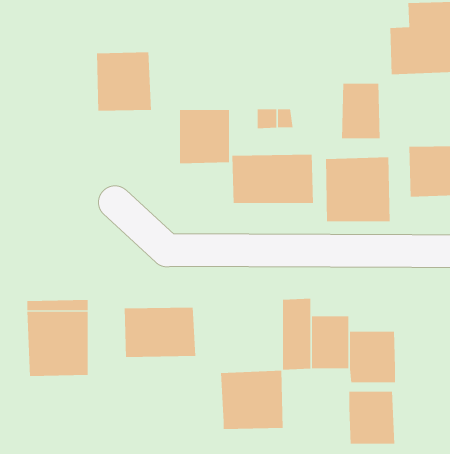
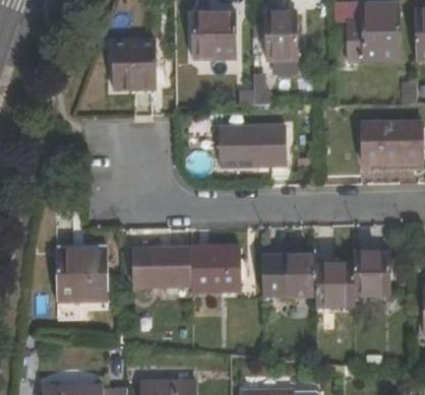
building: [341,83,381,139] -> [266,15,298,60]
building: [179,110,230,164] -> [192,16,233,60]
building: [326,157,390,222] -> none
building: [220,370,283,430] -> [189,246,240,293]
building: [348,391,395,444] -> [351,254,388,297]

